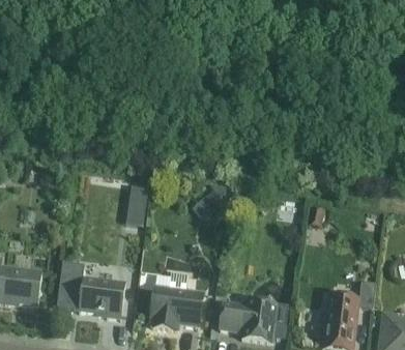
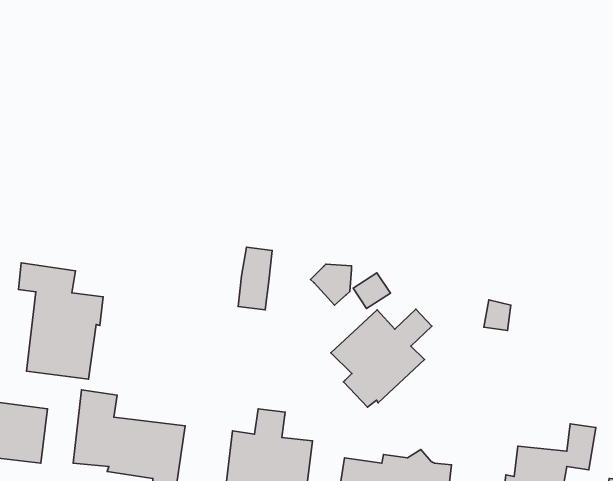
building: none -> [19,263,103,379]
building: [126,184,147,223] -> [238,247,272,310]
building: none -> [331,309,432,407]

